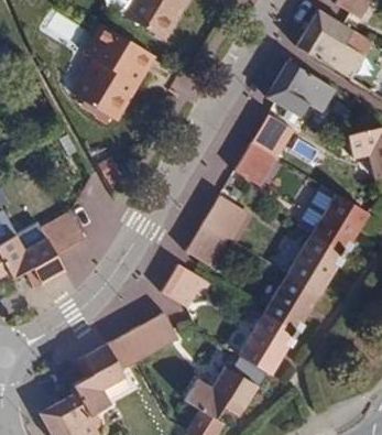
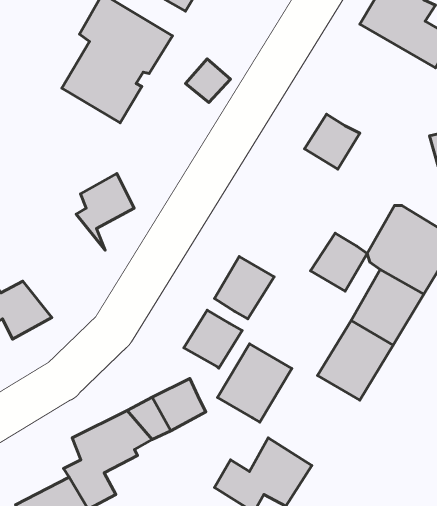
building: [265,61,336,116] -> none
building: [236,142,279,186] -> none
building: [204,195,247,239] -> [310,233,367,291]
building: [40,211,84,270] -> [76,173,134,250]
building: [239,314,295,373] -> [218,344,292,422]

